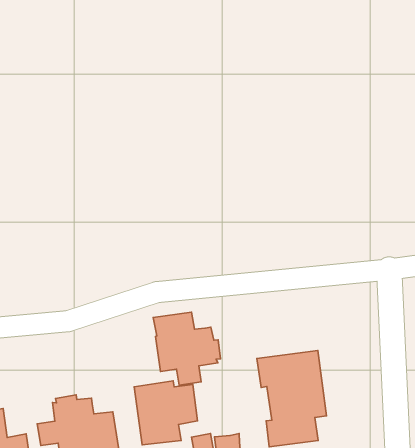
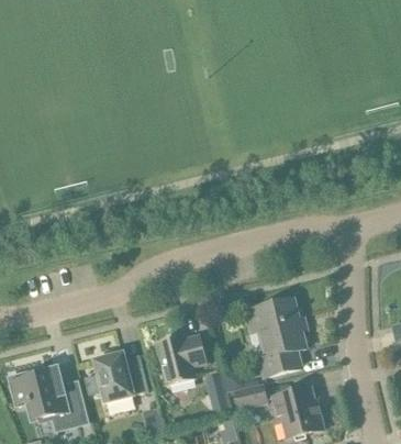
building: [153,312,221,385] -> none

